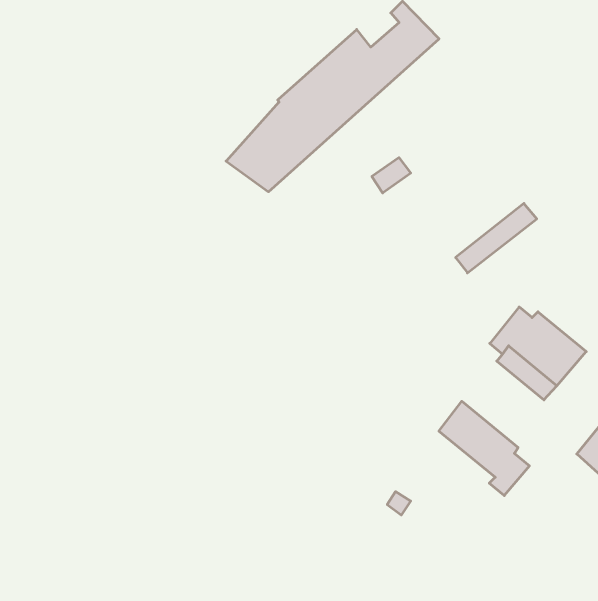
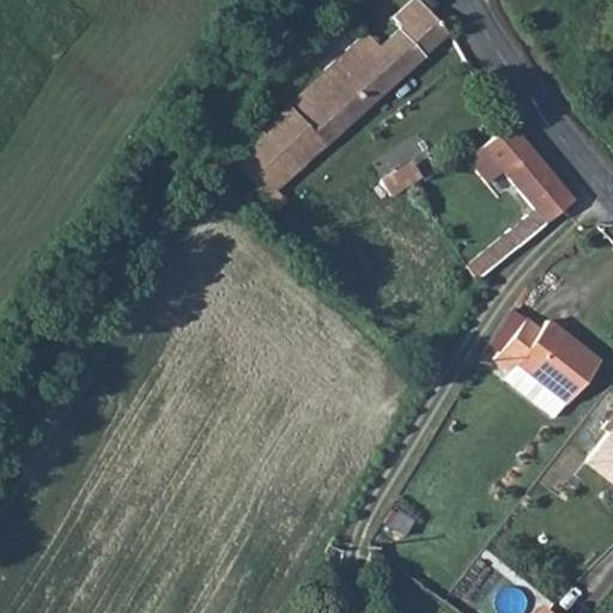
building: none -> [467,126,576,223]
building: [439,401,529,496] -> none

